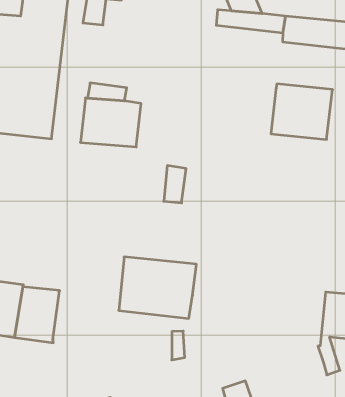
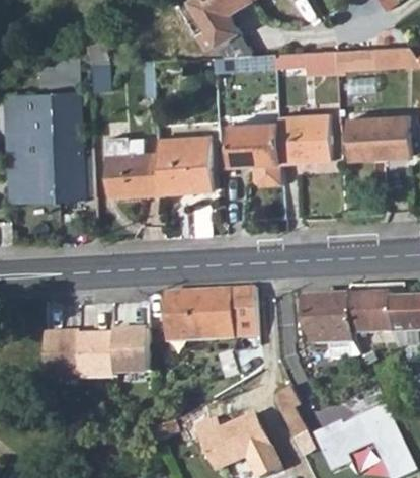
building: none -> [226,121,279,182]
building: none -> [157,136,211,192]
building: none -> [231,288,255,334]
building: none -> [111,329,148,377]
building: none -> [306,295,358,361]

